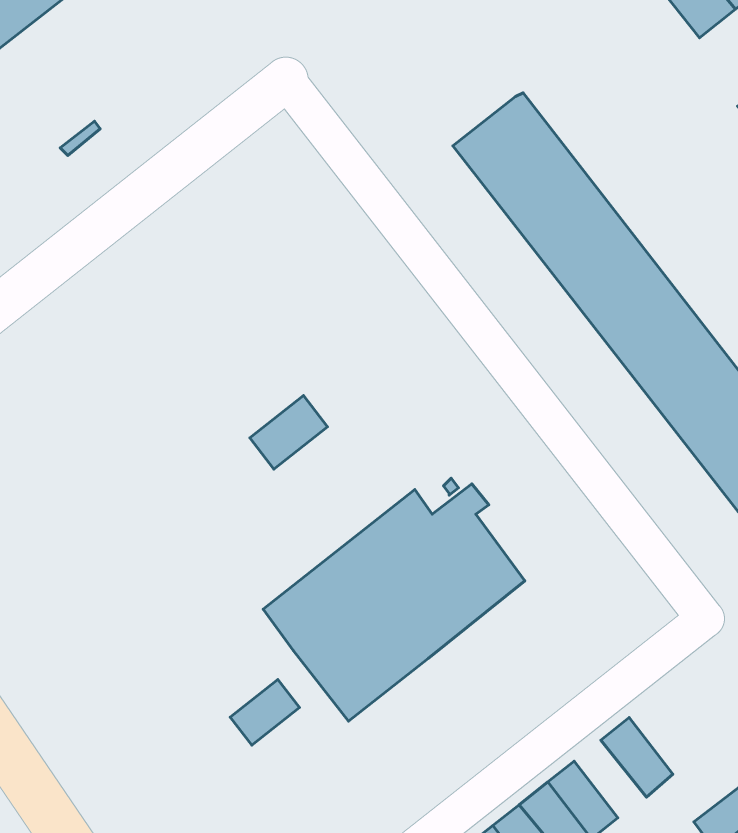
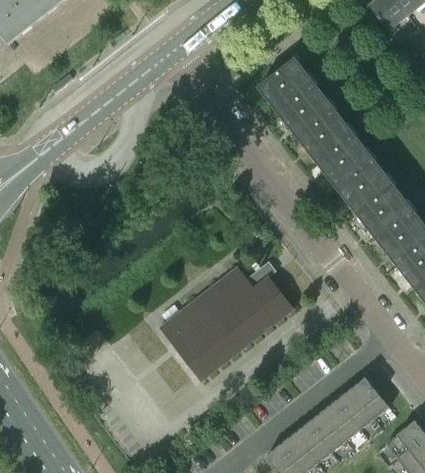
building: [250,395,328,469] -> none
building: [230,680,299,745] -> none
building: none -> [351,376,389,417]
building: none -> [322,399,360,440]

